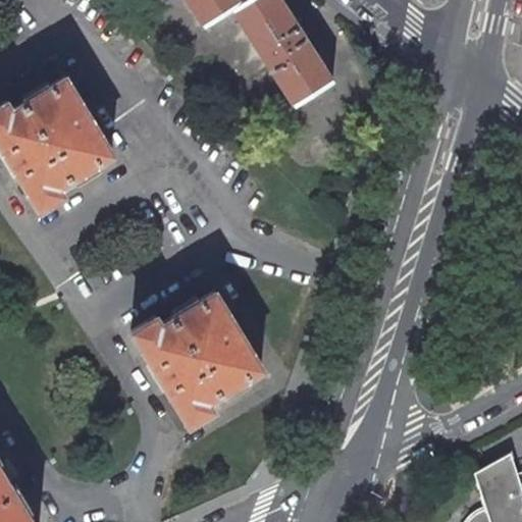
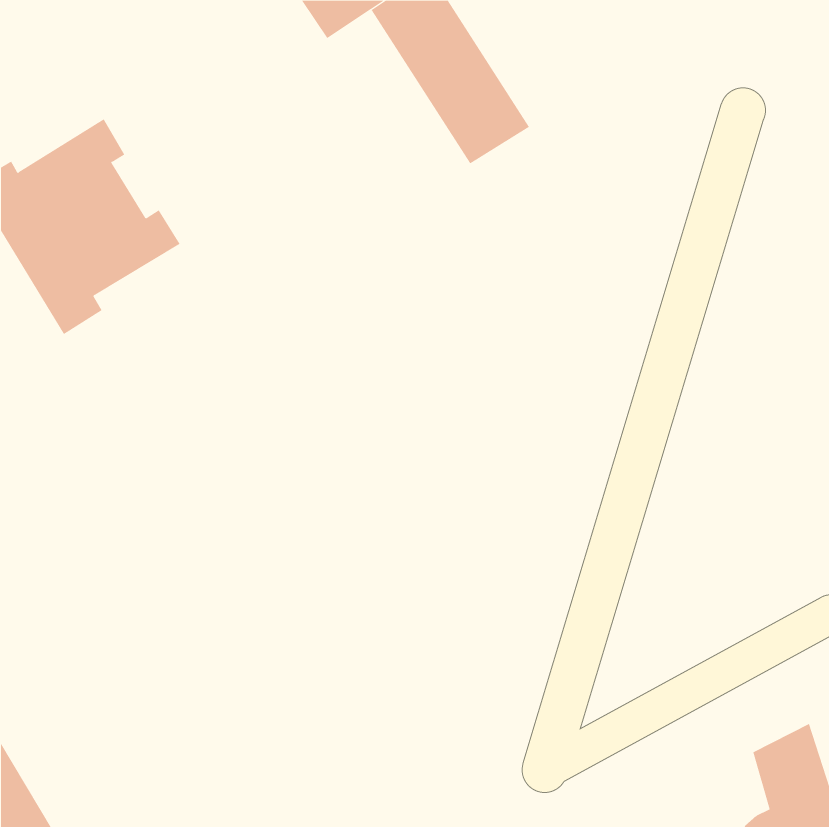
building: [133,292,263,425] -> none

